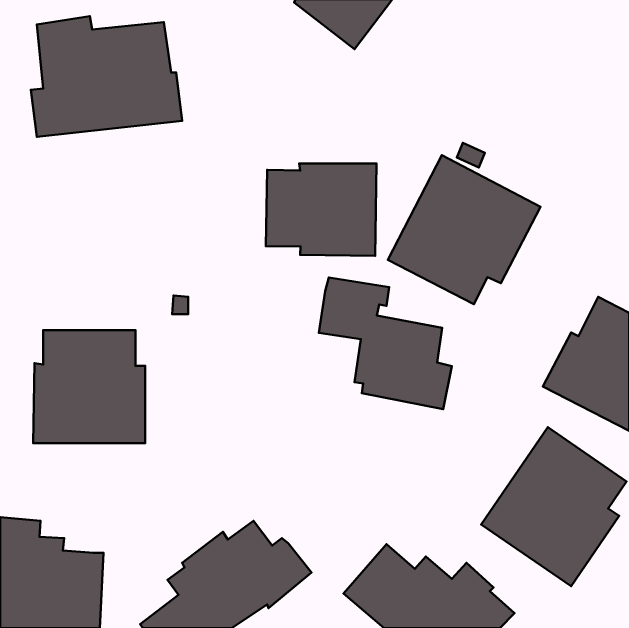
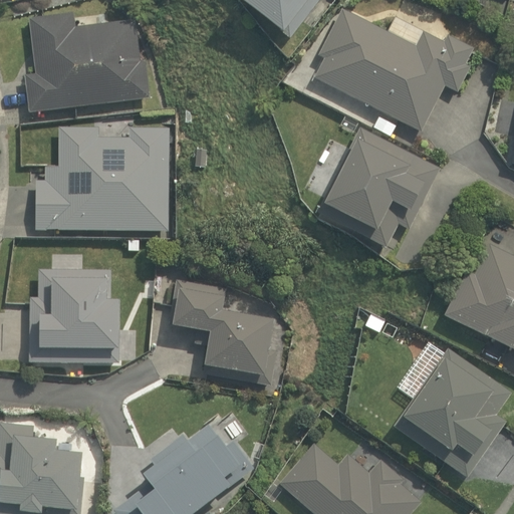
building: none -> [313,10,472,133]
building: none -> [34,125,169,231]
building: [266,163,376,256] -> none
building: [319,277,452,409] -> [169,279,277,387]

